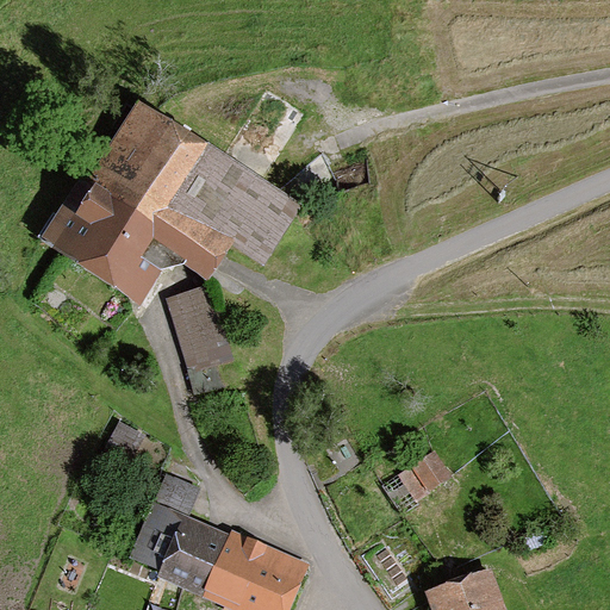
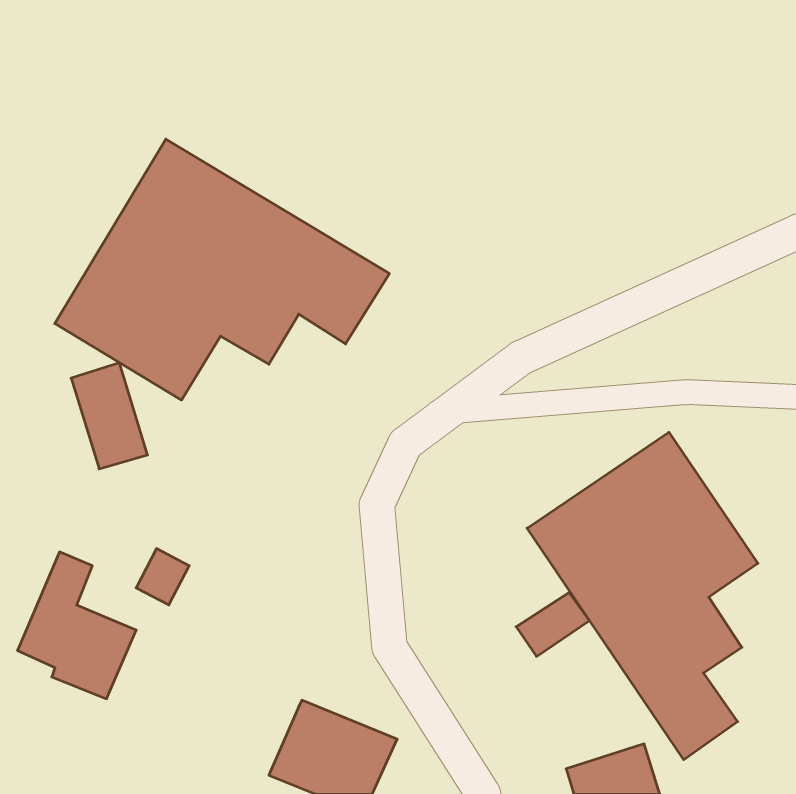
building: [174,292,232,373] -> [71,363,148,469]
building: none -> [527,432,758,760]
building: [139,479,230,591] -> [17,552,136,699]

